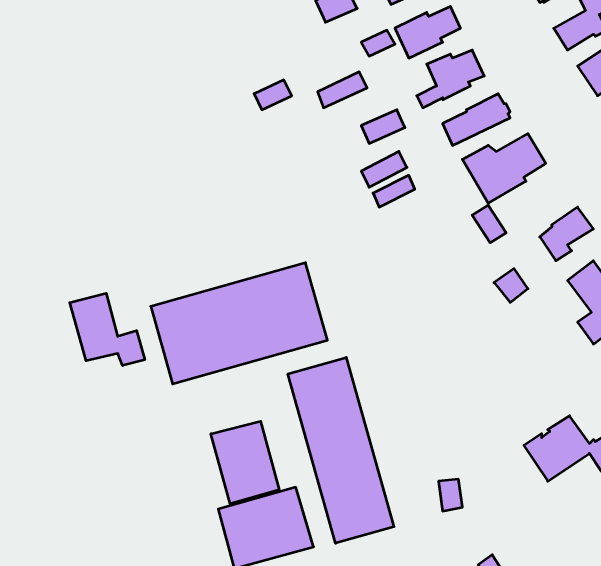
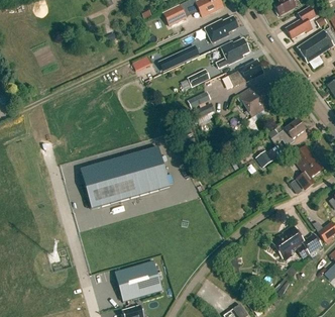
building: [70,293,145,366] -> none
building: [288,357,394,543] -> none
building: [211,421,279,504] -> none

